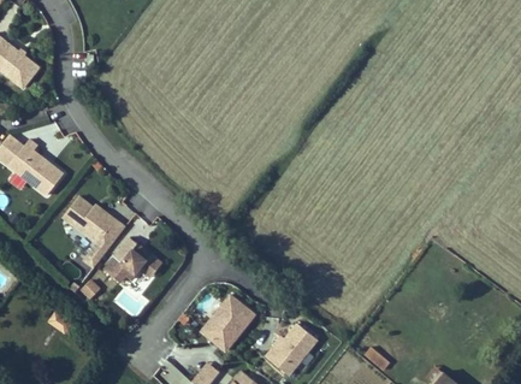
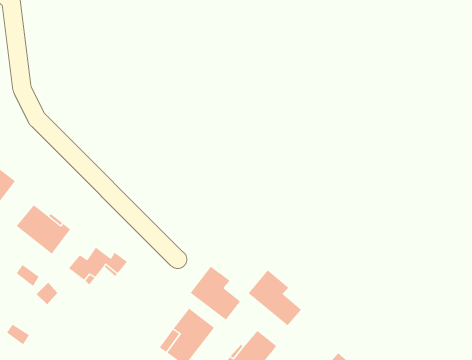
building: none -> [190,266,241,320]
building: none -> [248,270,302,326]

